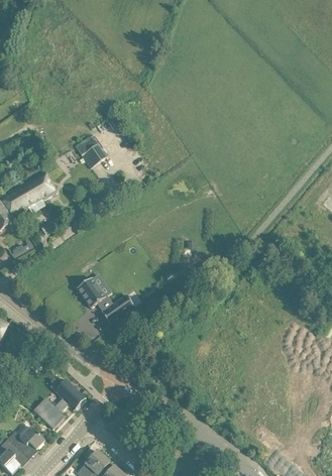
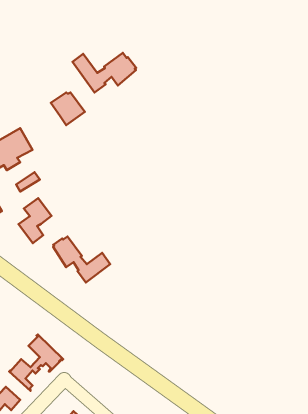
building: none -> [73,53,136,93]
building: none -> [19,198,51,243]

